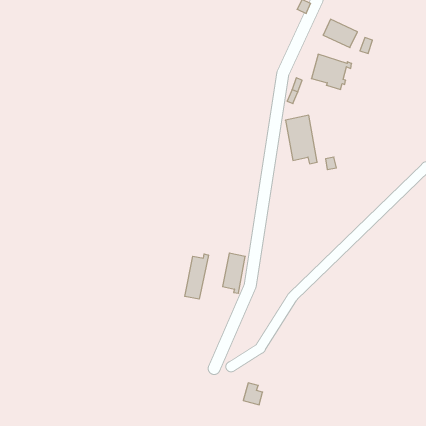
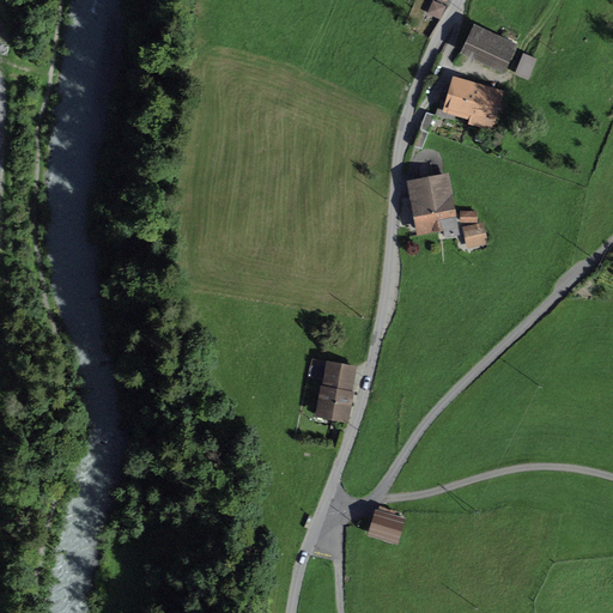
building: [185,254,208,299] -> none
building: [243,383,263,405] -> [371,506,399,538]

